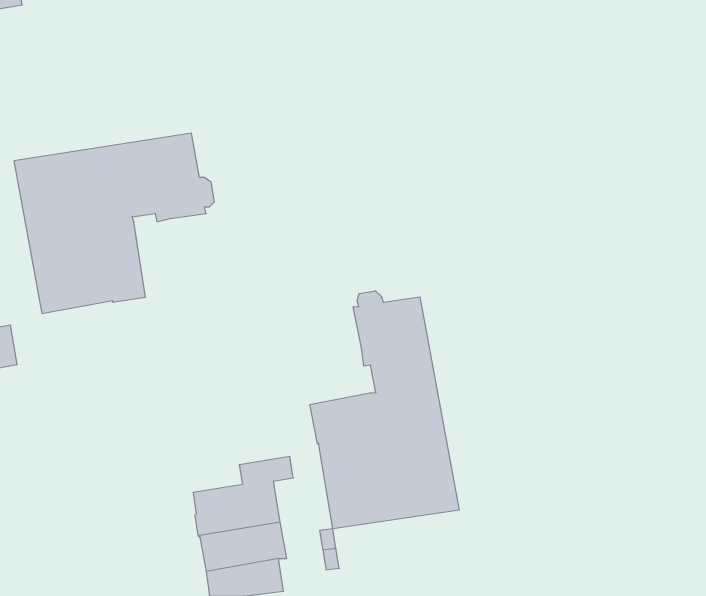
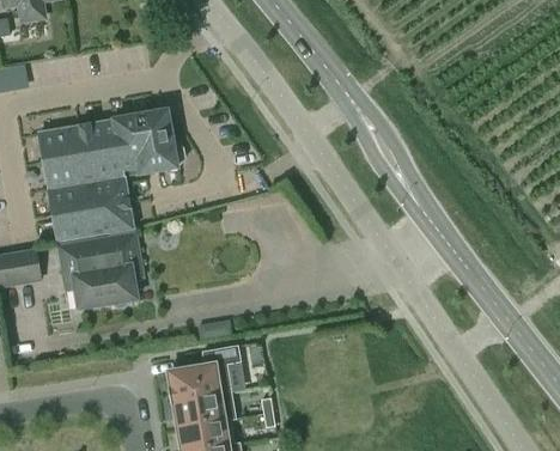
building: [310,291,459,529] -> none
building: none -> [59,234,139,309]

